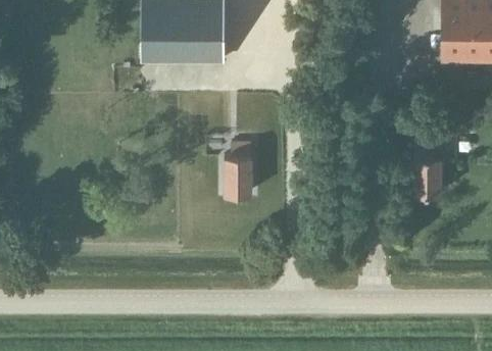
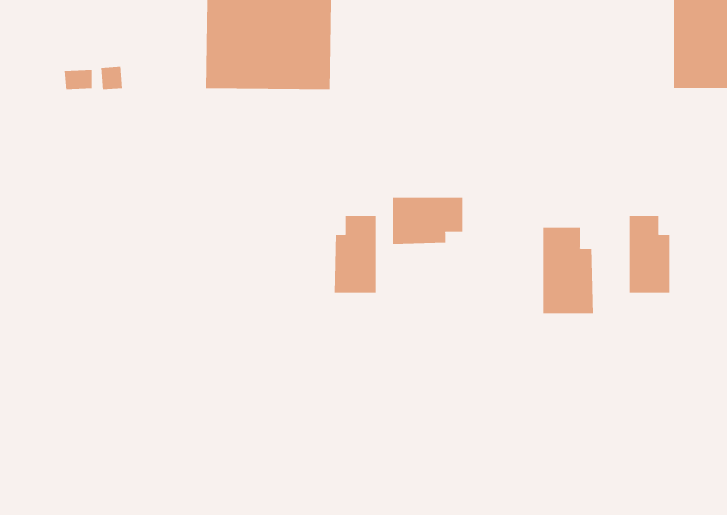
building: none -> [392,197,463,245]
building: none -> [543,227,594,314]

